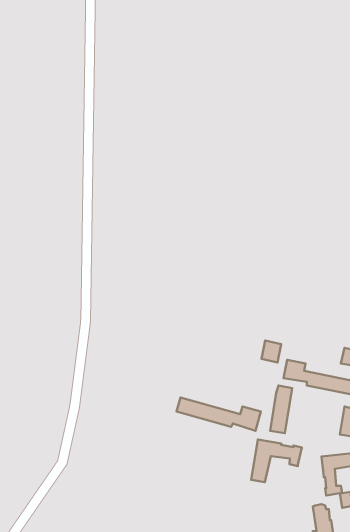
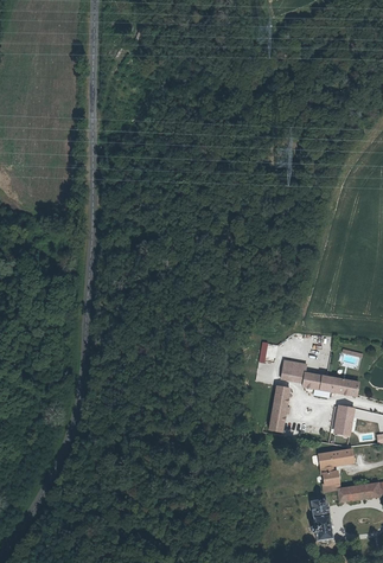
building: [177,397,261,431] -> none
building: [251,439,302,482] -> none

